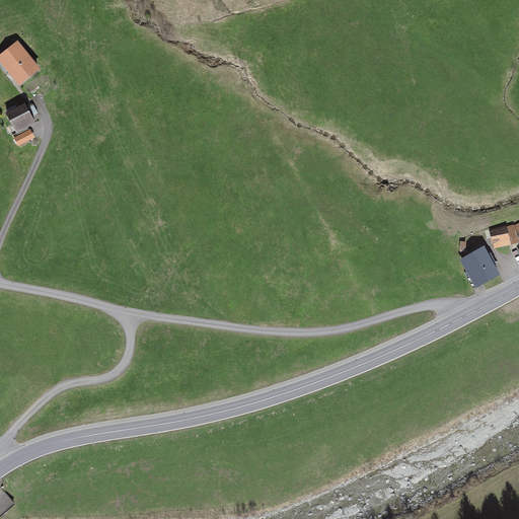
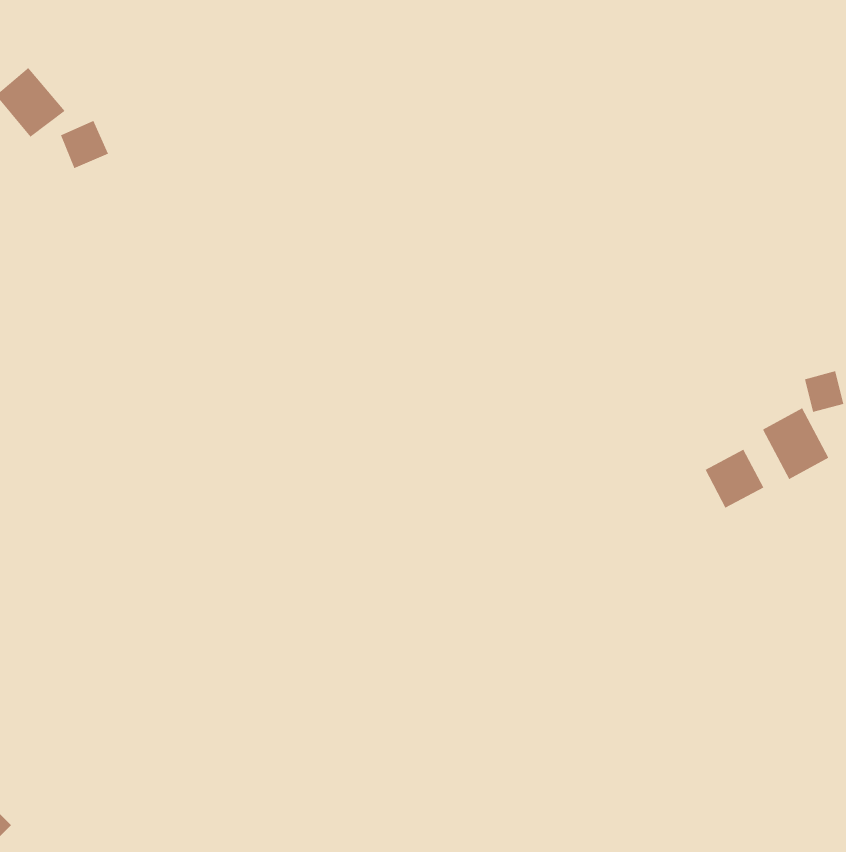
building: [7,102,36,132] -> [60,120,109,169]
building: none -> [705,449,764,508]

